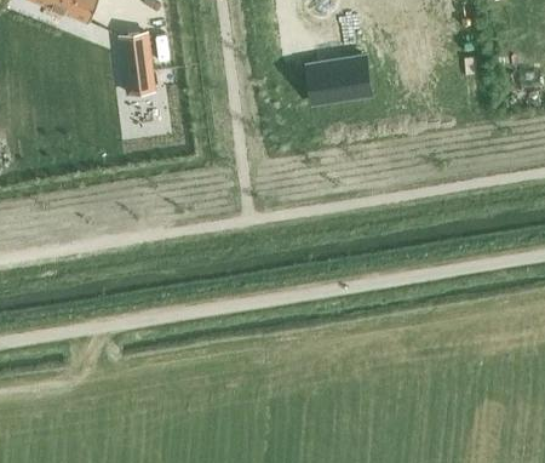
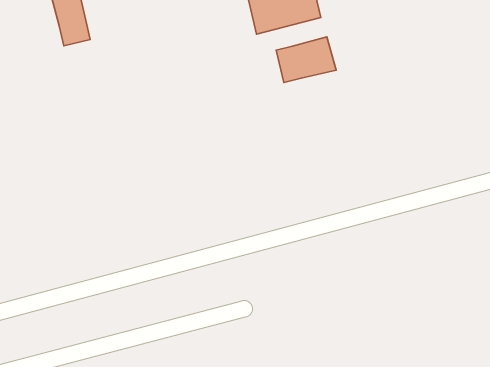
building: none -> [276,37,336,83]

